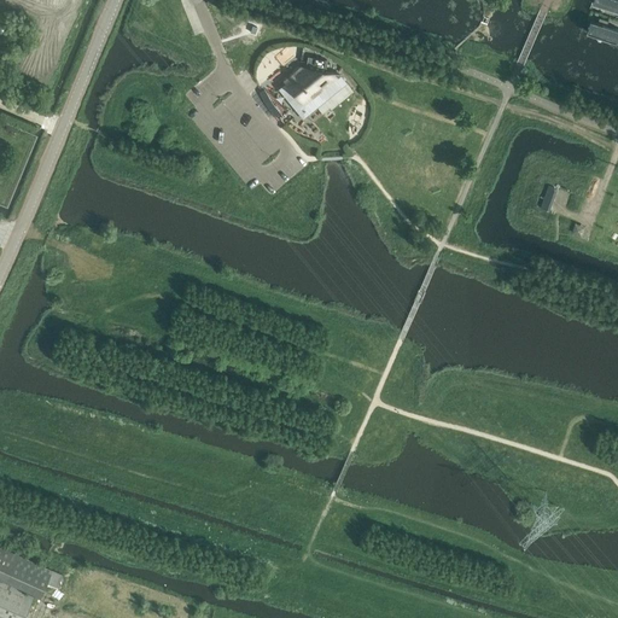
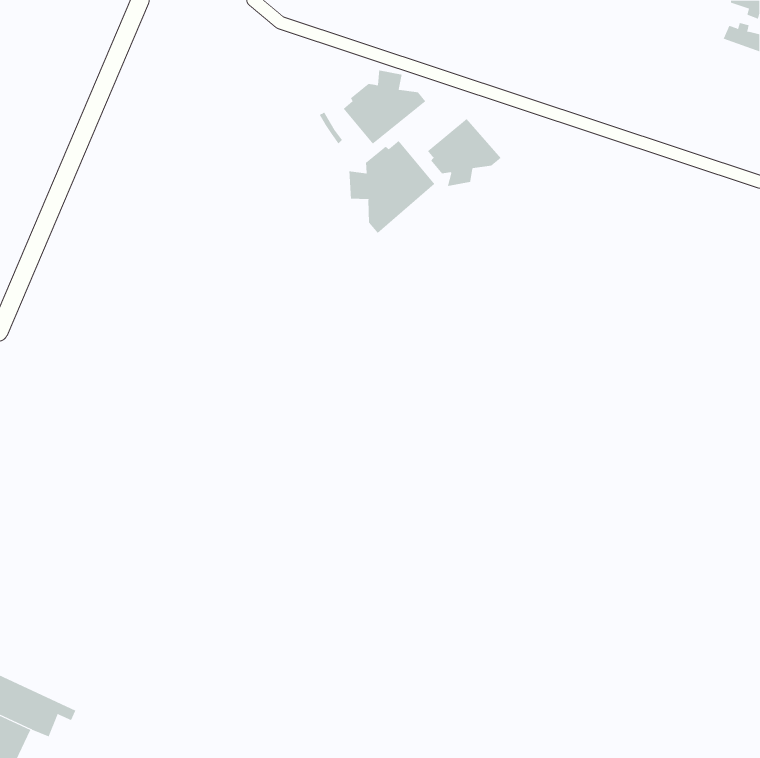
building: none -> [427,118,502,187]
building: none -> [349,140,435,234]

